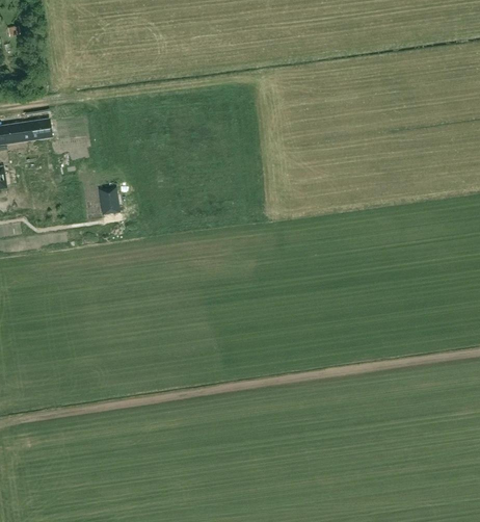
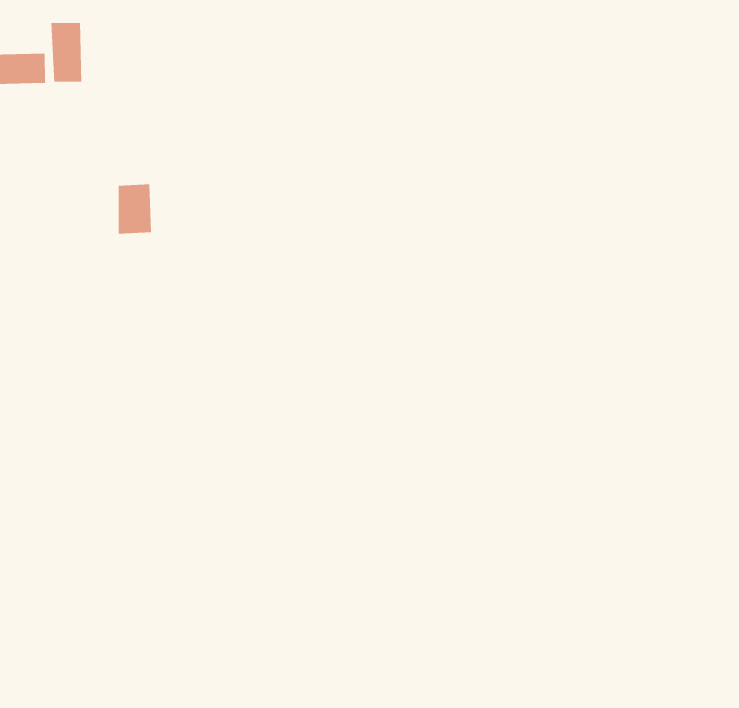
building: none -> [51,22,82,82]

